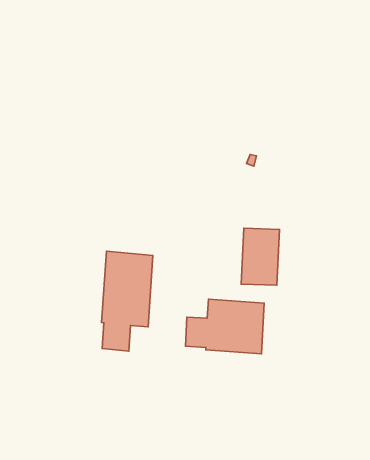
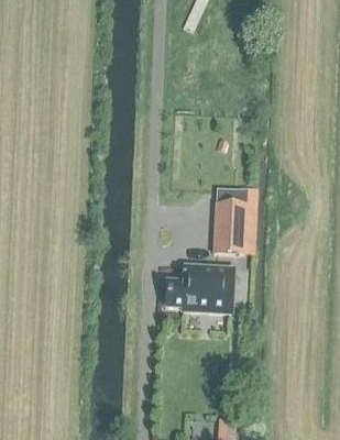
building: [102,251,153,351] -> none

